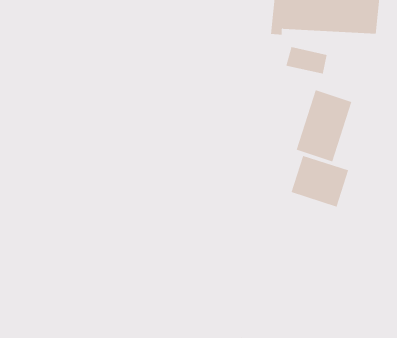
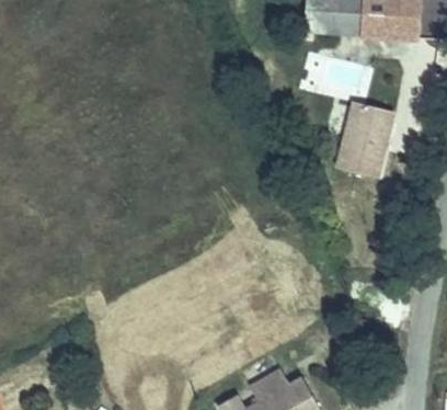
building: [291,155,349,207] -> none

